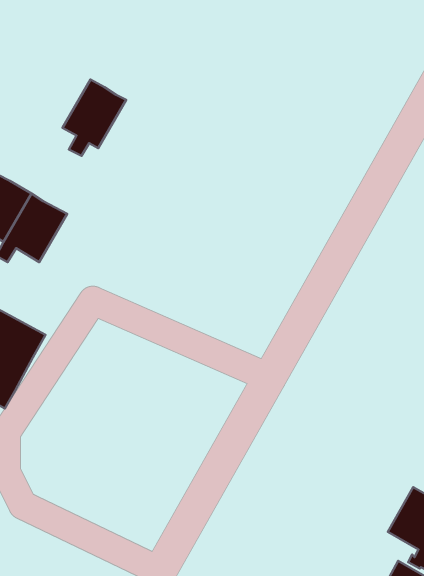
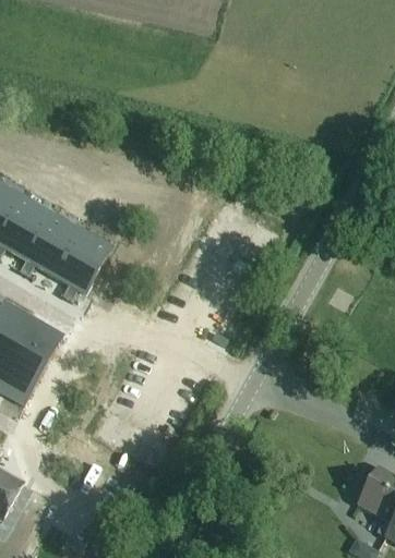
building: [63,79,126,156] -> [56,232,110,298]

